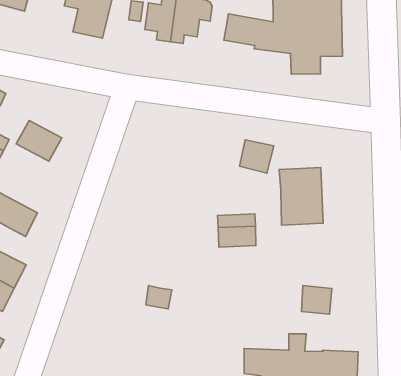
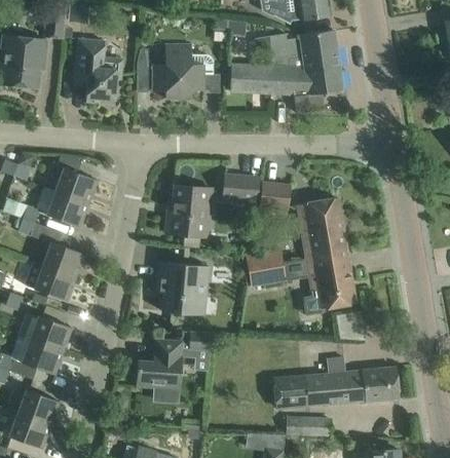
building: none -> [55,167,97,203]
building: none -> [223,175,258,202]
building: none -> [166,185,212,237]
building: none -> [42,241,84,277]
building: none -> [157,262,209,314]
building: none -> [303,251,355,315]
building: none -> [136,340,183,403]

